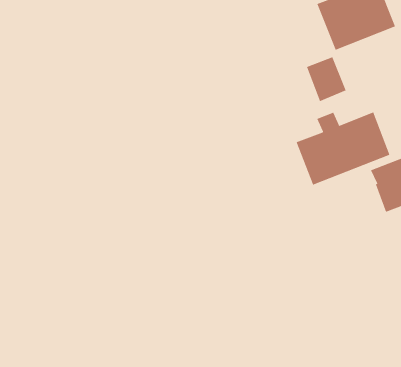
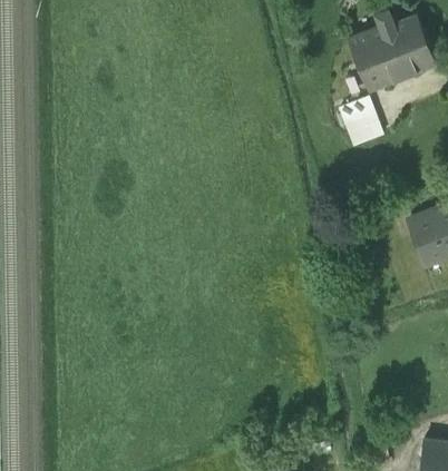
building: [296,112,390,186] -> none

